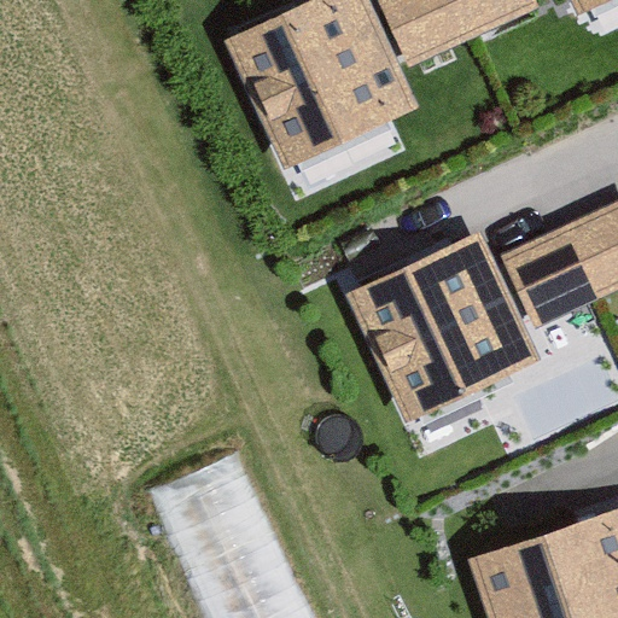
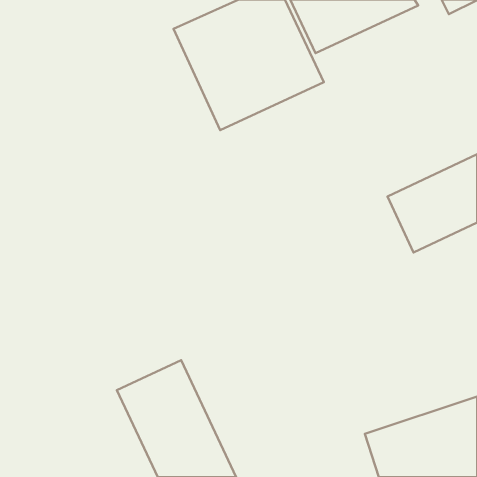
building: [344,231,542,421] -> none

